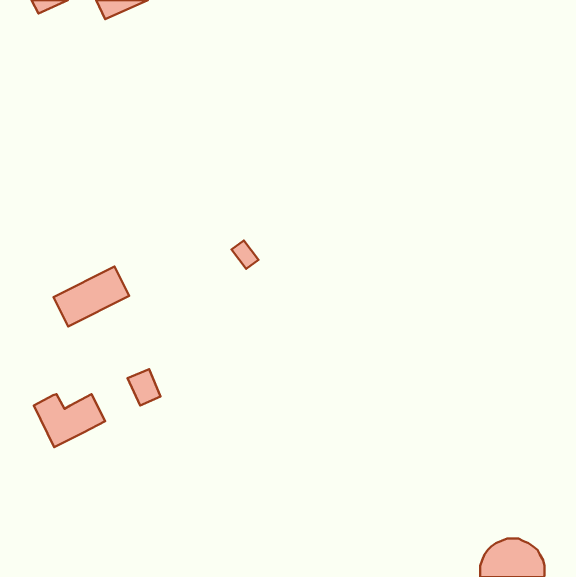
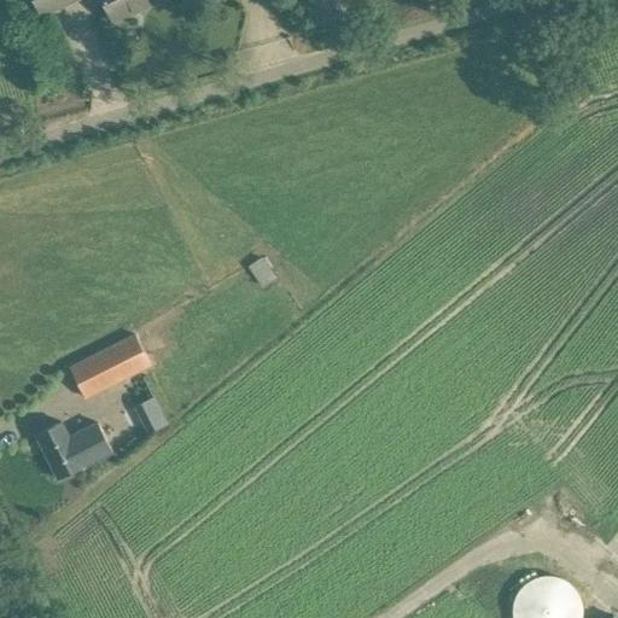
building: [54,267,129,326] -> [70,334,151,398]

